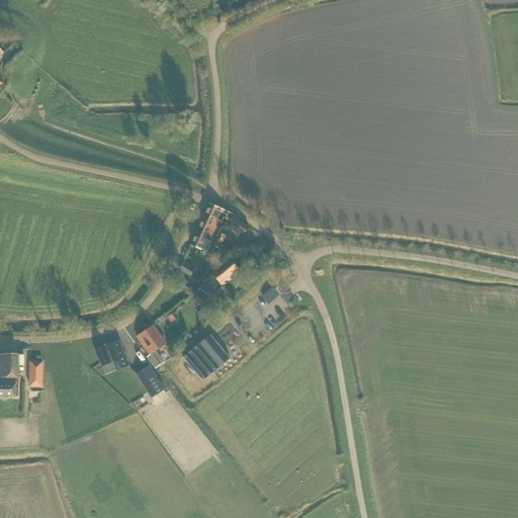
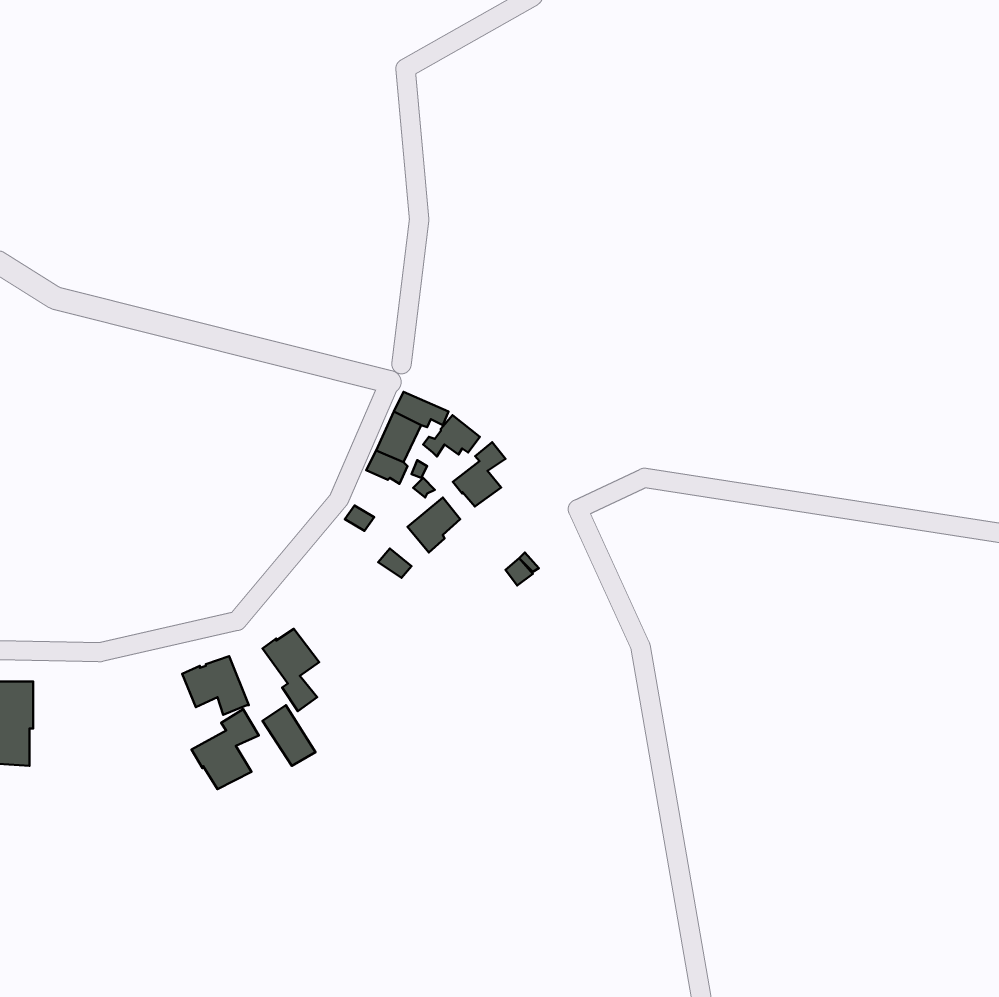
building: none -> [453,442,506,507]
building: [182,335,229,379] -> none
building: [28,359,42,385] -> none
building: none -> [192,709,259,789]

